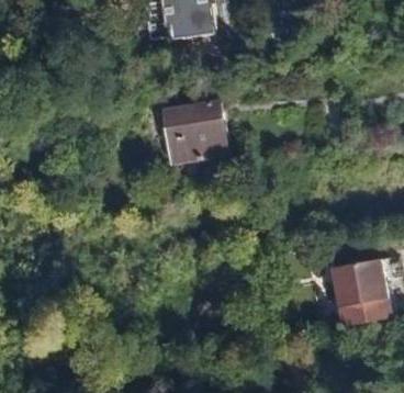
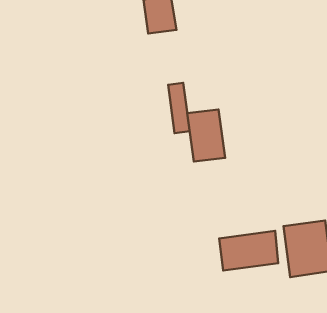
building: [165,102,209,162] -> [187,109,225,162]
building: none -> [219,231,278,271]

